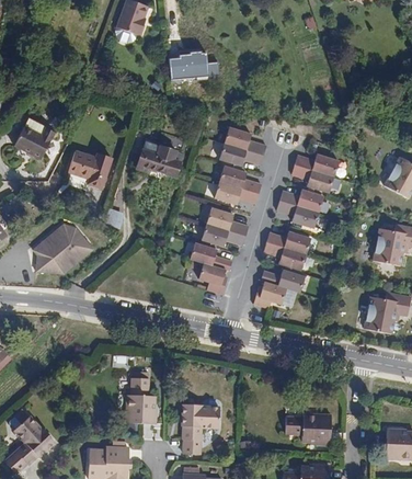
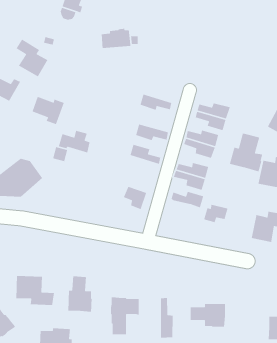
building: none -> [16,39,48,78]
building: [222,124,264,151] -> none
building: [139,145,182,175] -> [58,130,90,153]
building: [217,163,259,190] -> none
building: none -> [229,133,263,172]
building: [199,220,244,242] -> none
building: [188,240,230,269] -> none
building: [252,280,285,305] -> [203,204,228,223]
building: none -> [16,275,55,306]
building: none -> [160,297,173,339]

